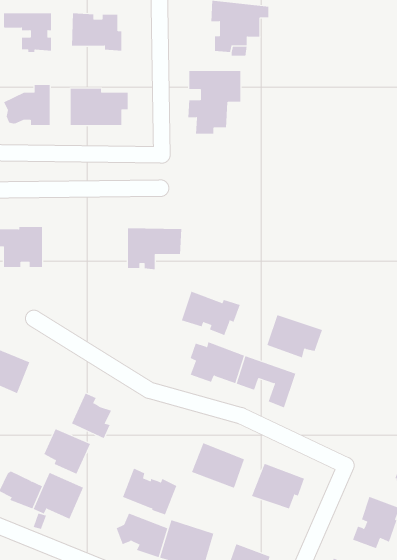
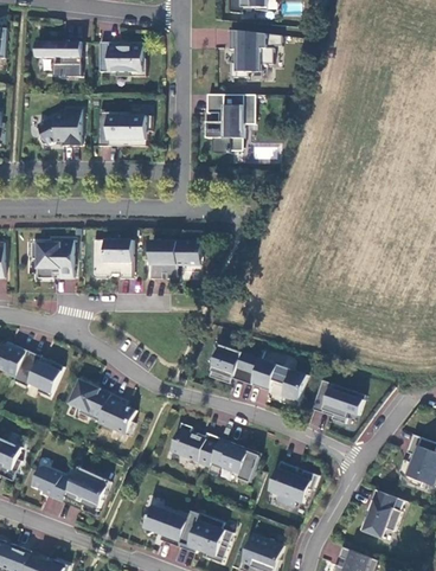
building: none -> [92,238,133,277]
building: [181,291,241,336] -> none
building: [267,315,323,358] -> [310,380,363,421]
building: [44,429,91,475] -> [68,378,111,421]
building: [122,468,177,515] -> [169,422,220,466]

